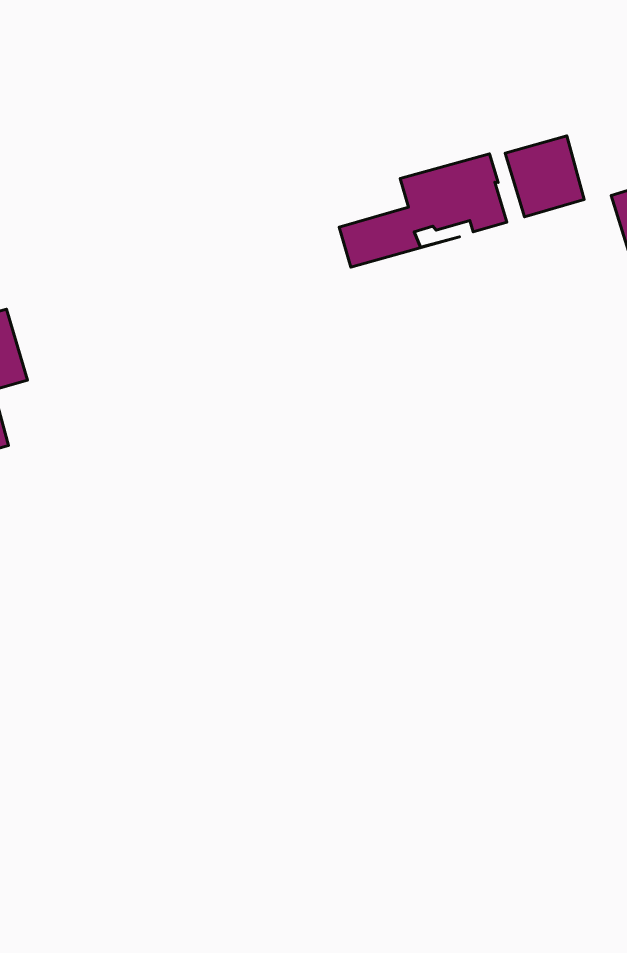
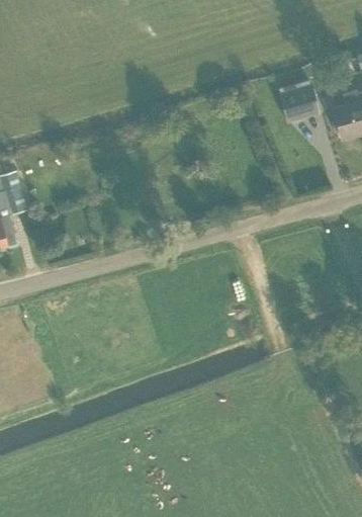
building: [339,154,507,267] -> none

